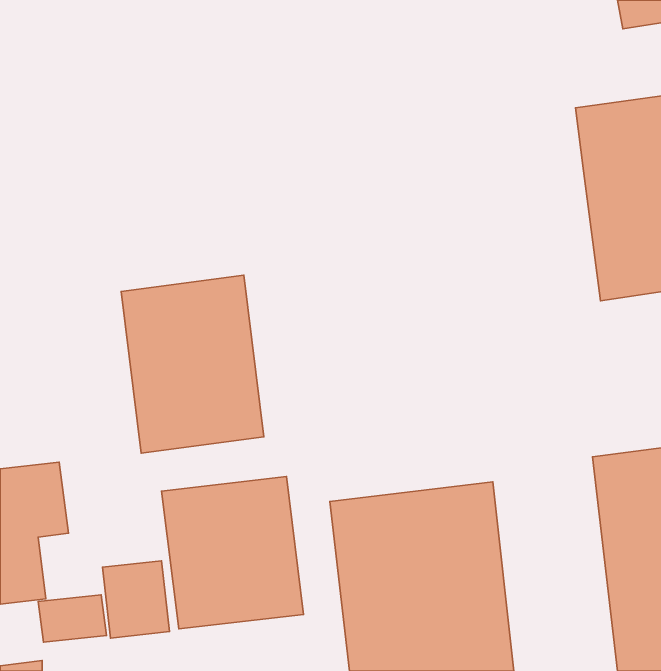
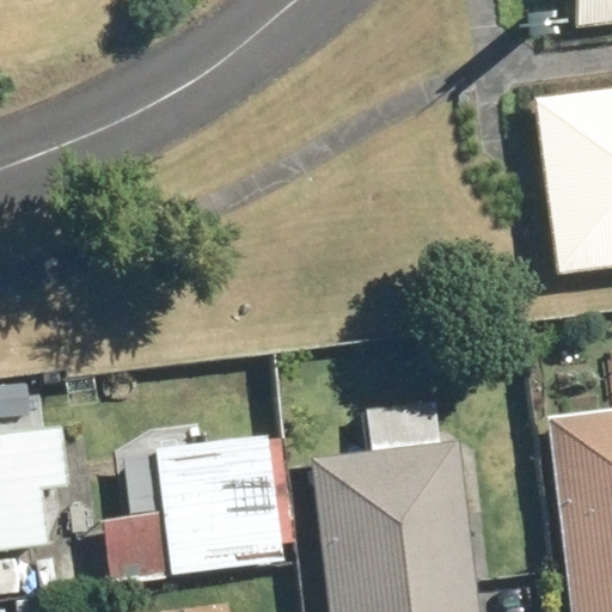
building: [121,275,264,453] -> none

